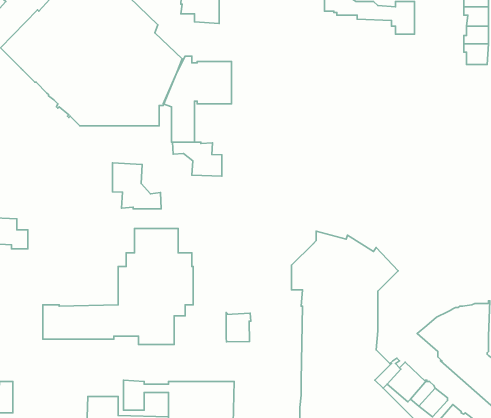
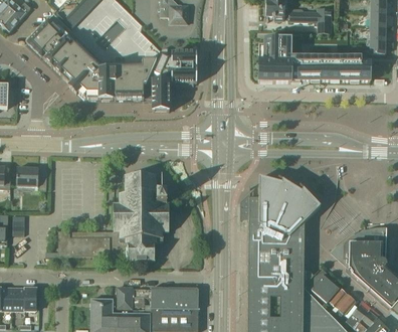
building: none -> [258,37,371,82]
building: [173,142,222,176] -> none
building: [113,163,161,209] -> none
building: [226,313,251,342] -> none

